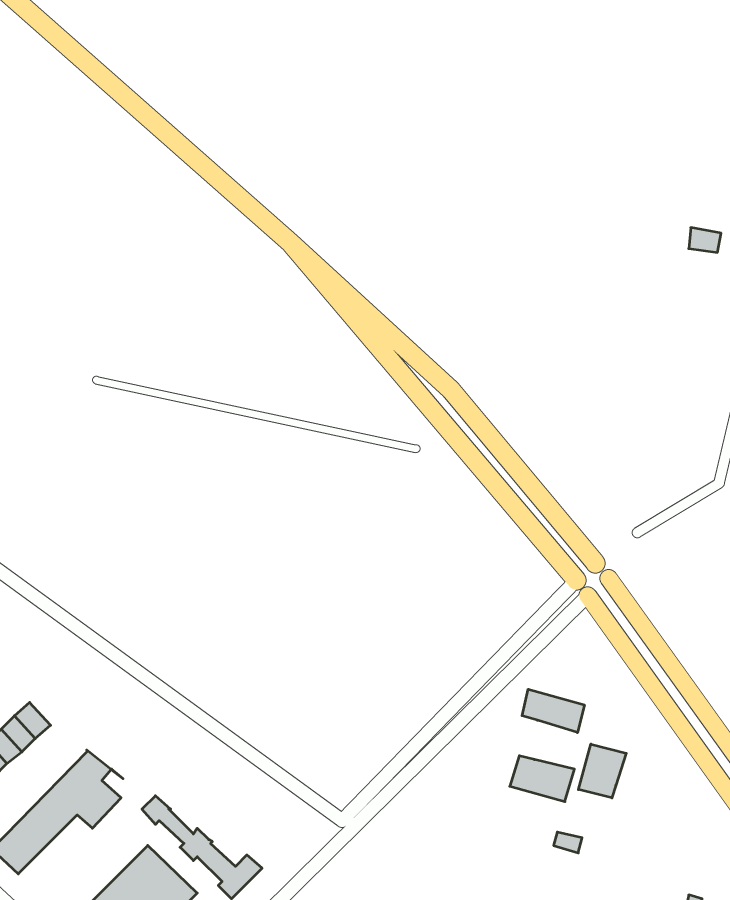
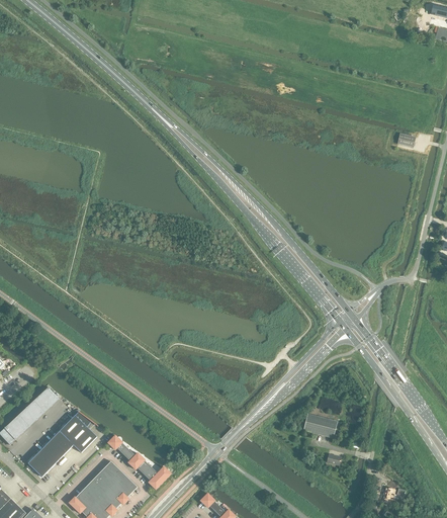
building: [522,689,584,733] -> none
building: [578,744,626,798] -> none

